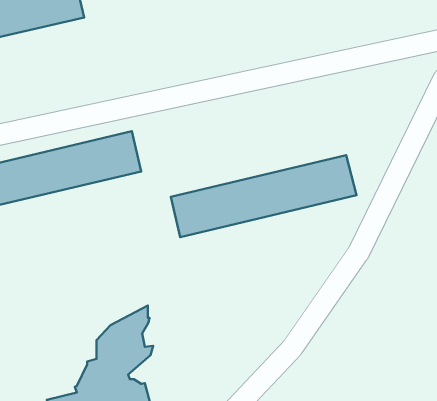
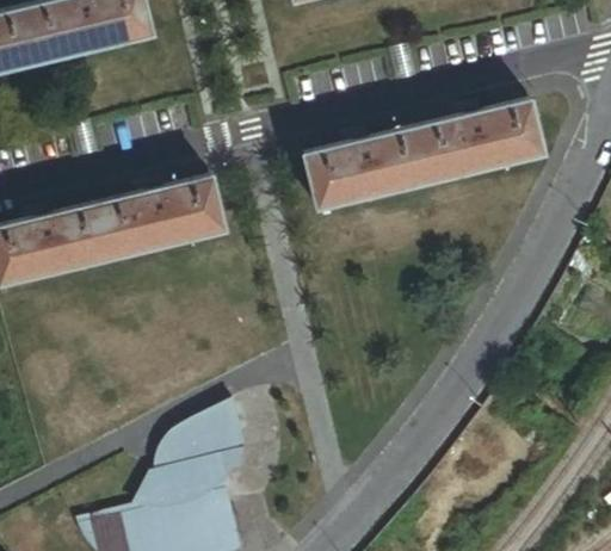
building: [171,155,356,237] -> [306,101,543,206]

